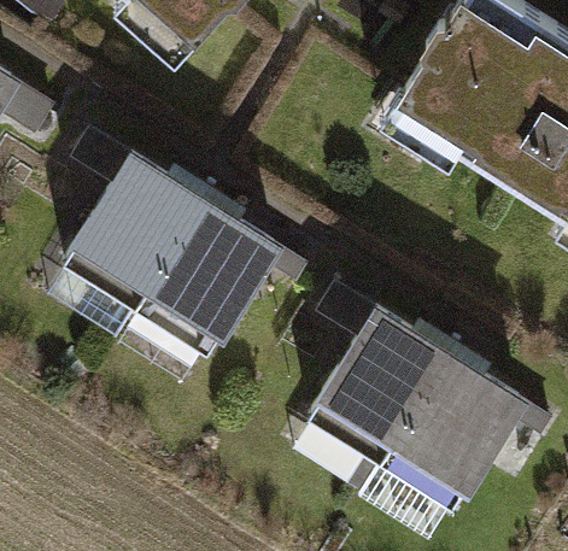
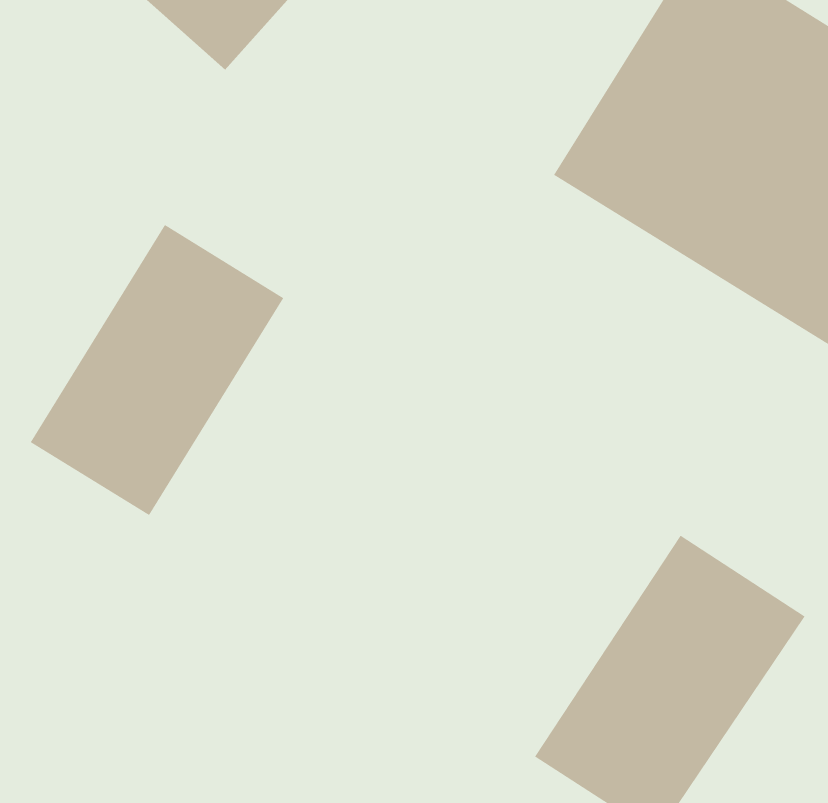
building: [125,193,285,376] -> none
building: [299,297,463,485] -> none

